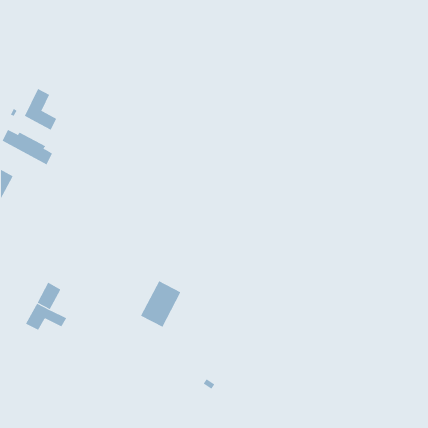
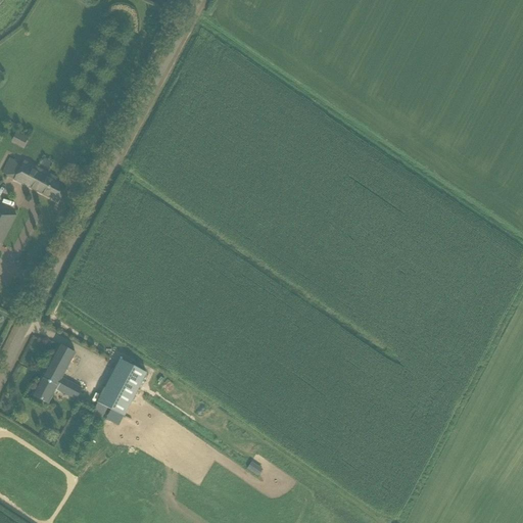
building: [24,88,57,131] -> none
building: [140,280,181,327] -> [96,359,146,416]

